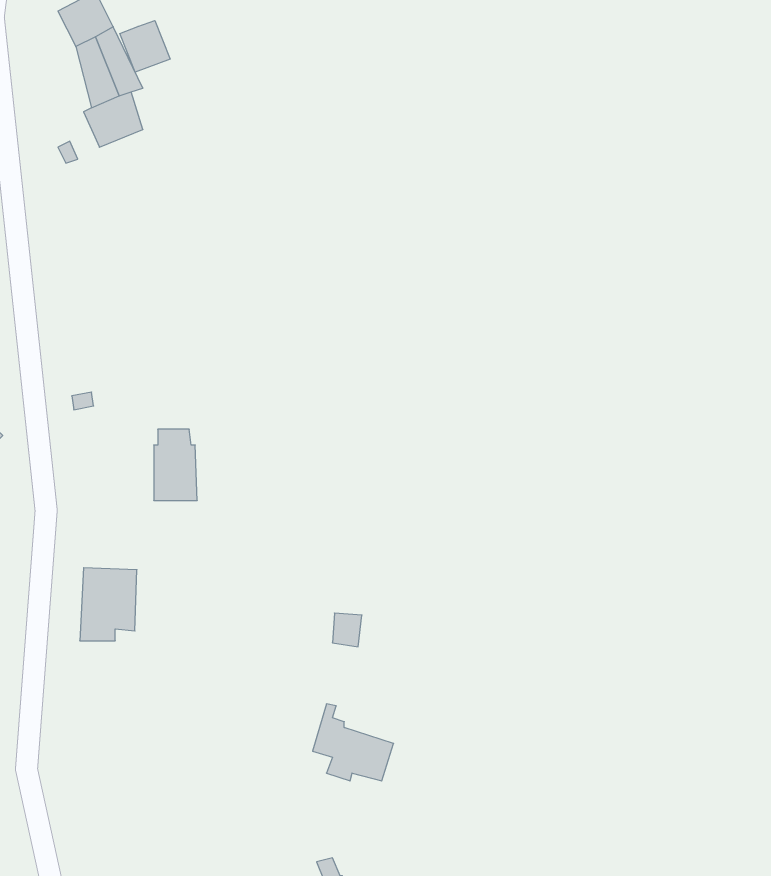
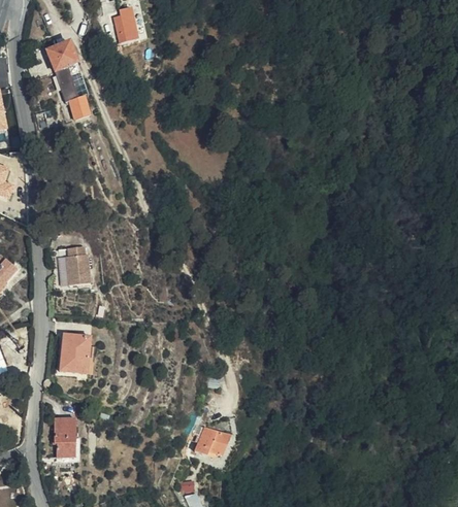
building: [120,21,170,72] -> none
building: [154,429,197,500] -> [67,252,90,290]
building: none -> [54,422,75,463]

